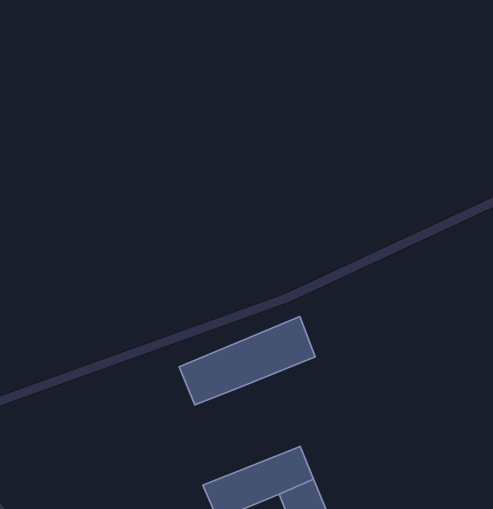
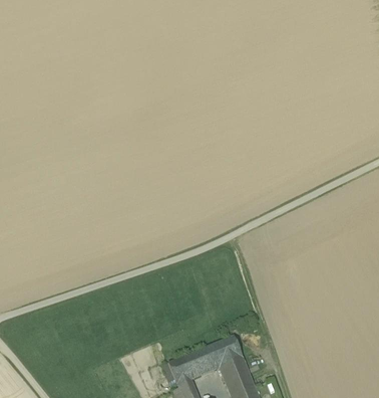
building: [179,316,315,405] -> none

